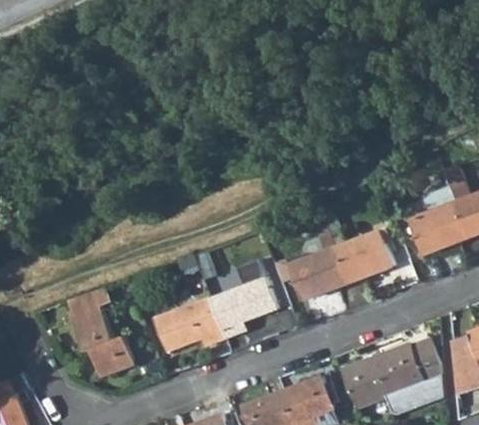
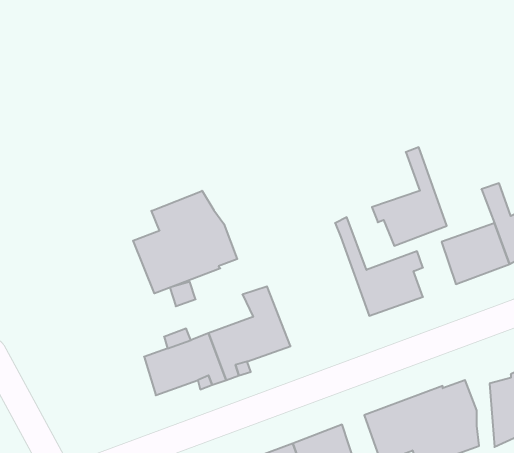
building: none -> [133,191,237,293]
building: [283,215,347,299] -> [372,147,447,246]
building: [64,289,134,376] -> none

